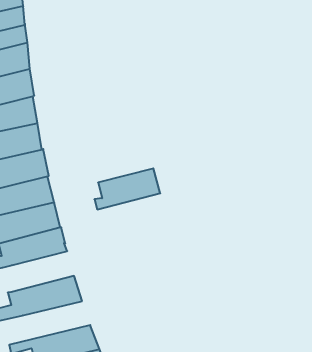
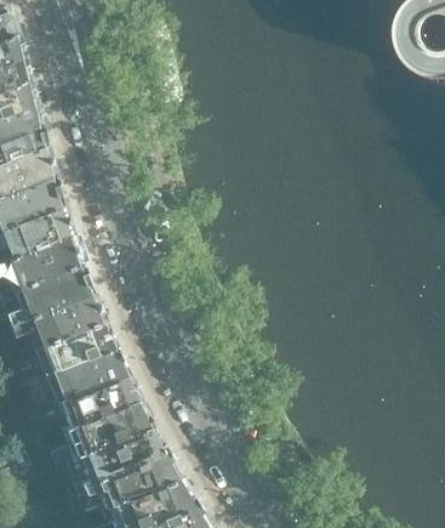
building: [94,168,160,209] -> [67,374,139,430]
building: none -> [74,427,166,489]

